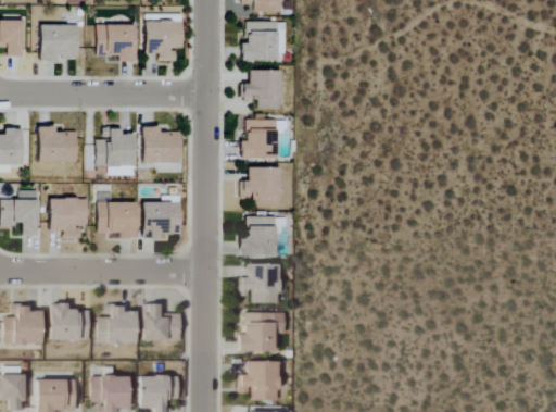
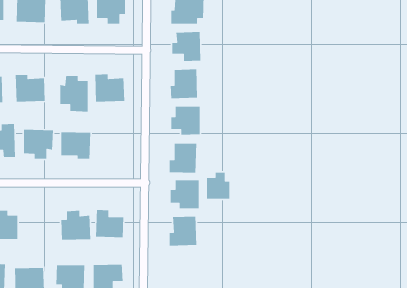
building: [142,201,181,239] -> none
building: none -> [206,172,230,199]
building: [51,303,91,341] -> none
building: [241,361,280,400] -> none

